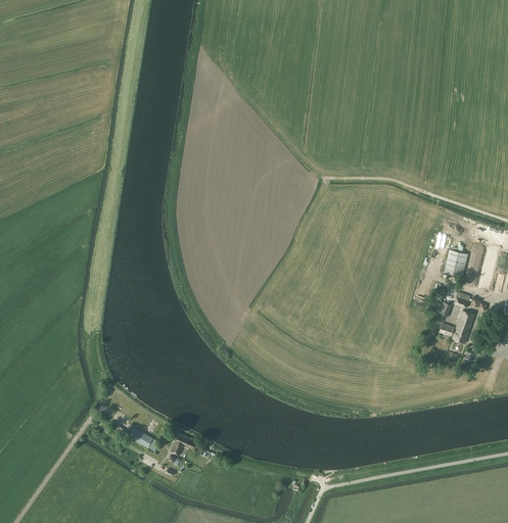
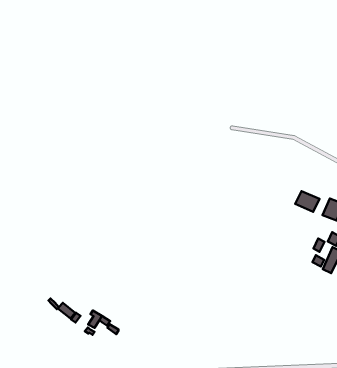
building: none -> [295,191,320,212]

